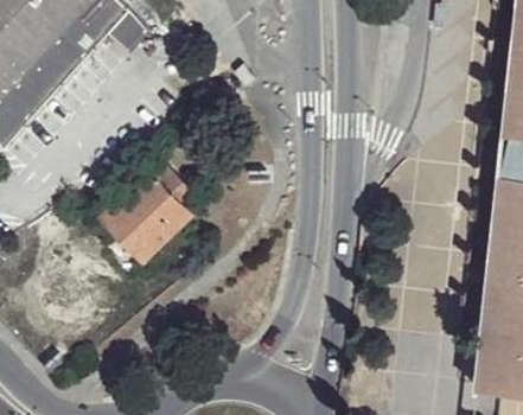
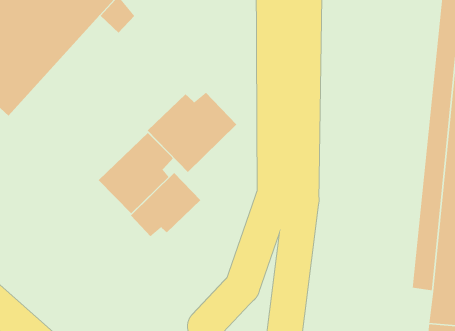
building: none -> [147,92,237,173]
building: none -> [130,172,201,237]

